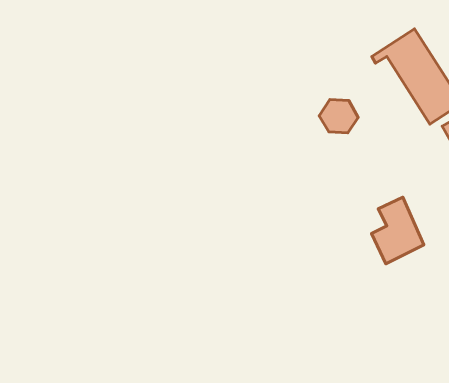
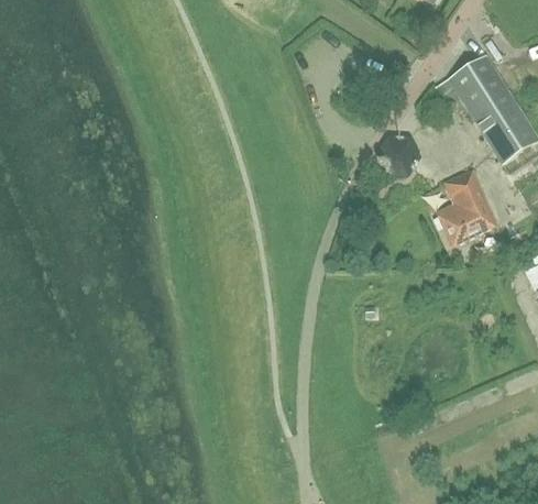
building: [371,197,424,264] -> [436,169,496,246]

